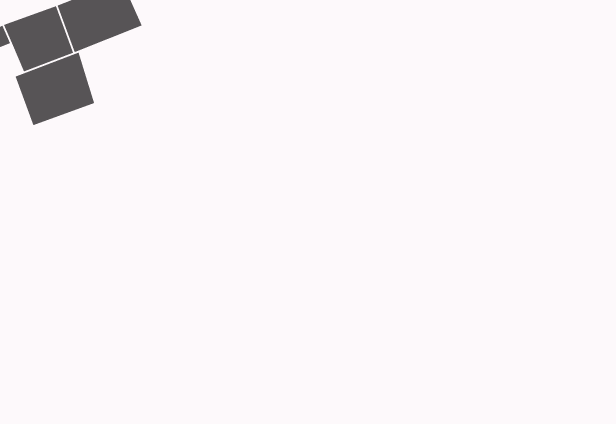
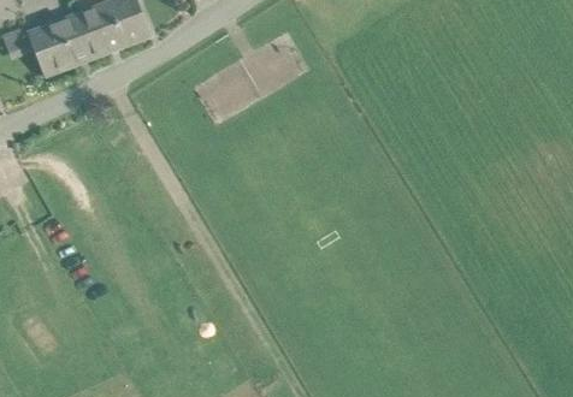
building: [14,51,95,126] -> none

